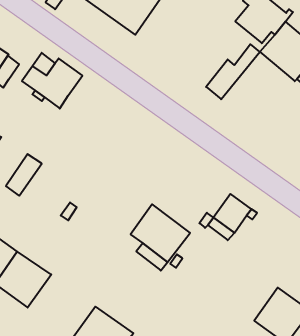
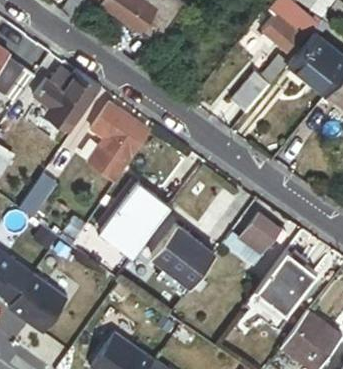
building: none -> [87,103,148,180]
building: none -> [101,183,169,255]
building: none -> [255,249,317,313]

